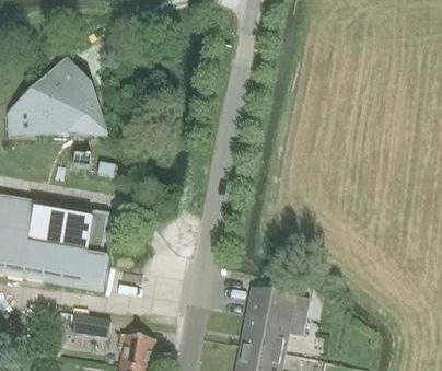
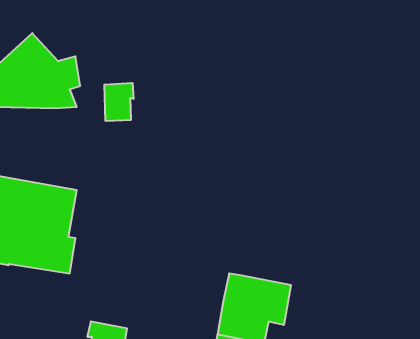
building: none -> [104,83,134,121]
building: [72,313,109,337] -> none

